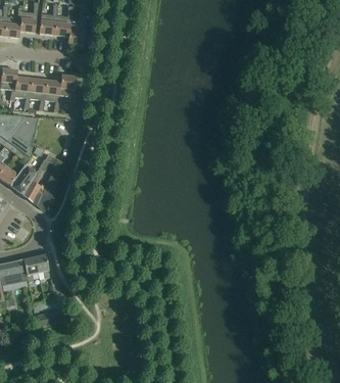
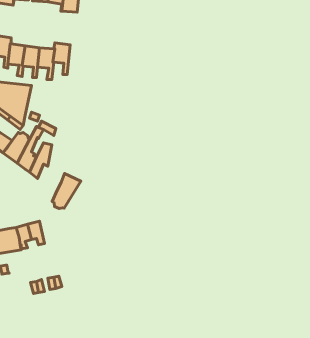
building: none -> [52,173,81,209]

